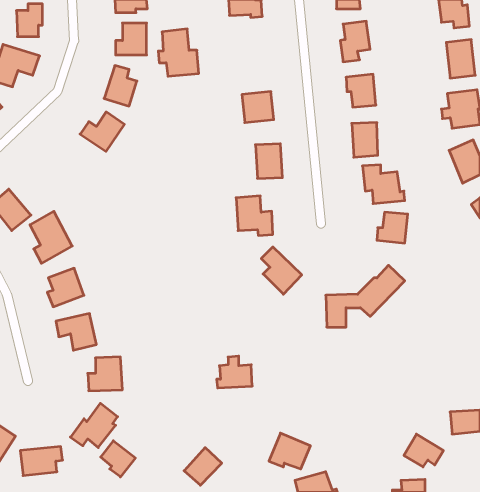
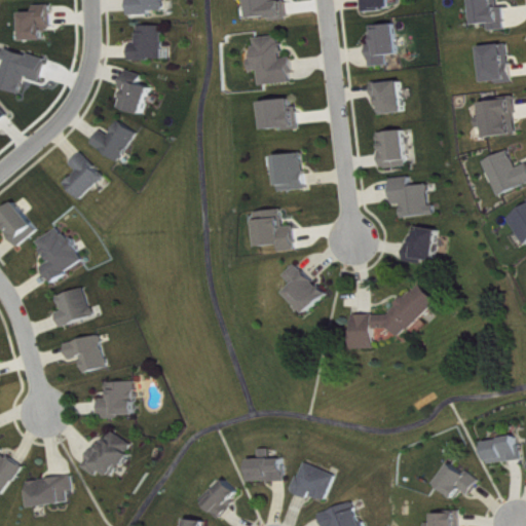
building: [158,29,199,76] -> [246,34,289,84]
building: none -> [59,151,99,199]
building: [217,356,252,388] -> [241,448,279,482]
building: [101,441,135,477] -> none

